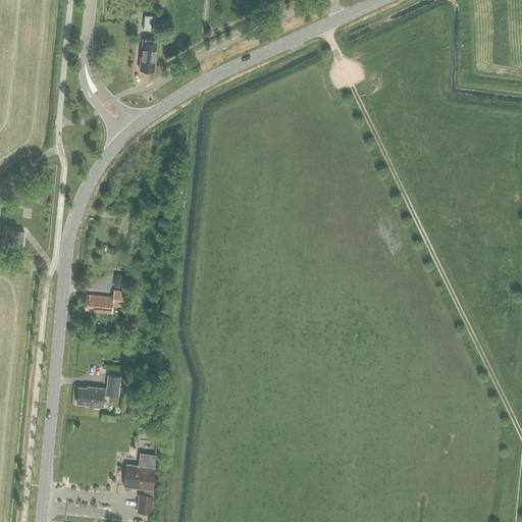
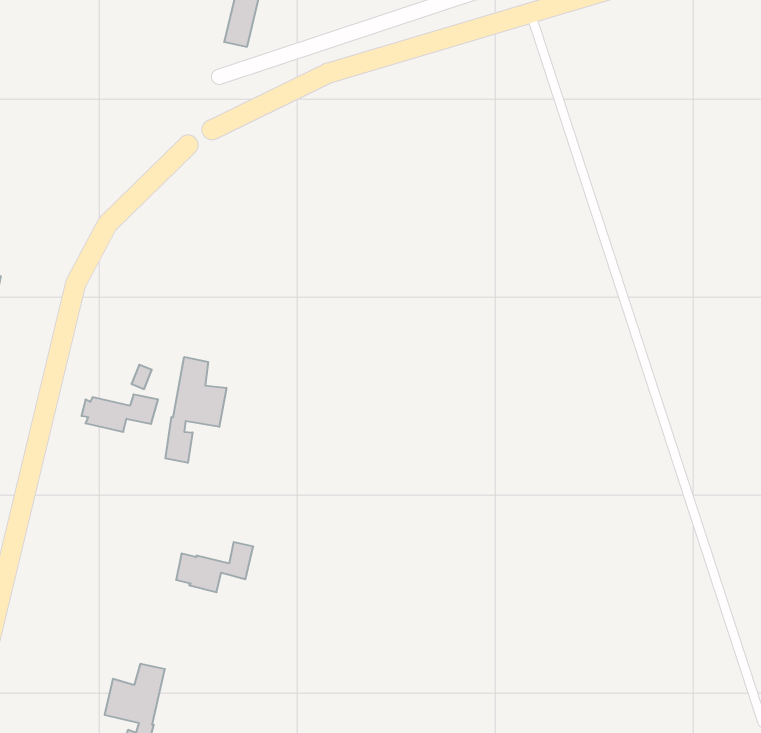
building: none -> [165,357,226,463]
building: [75,375,119,407] -> [176,542,253,592]

